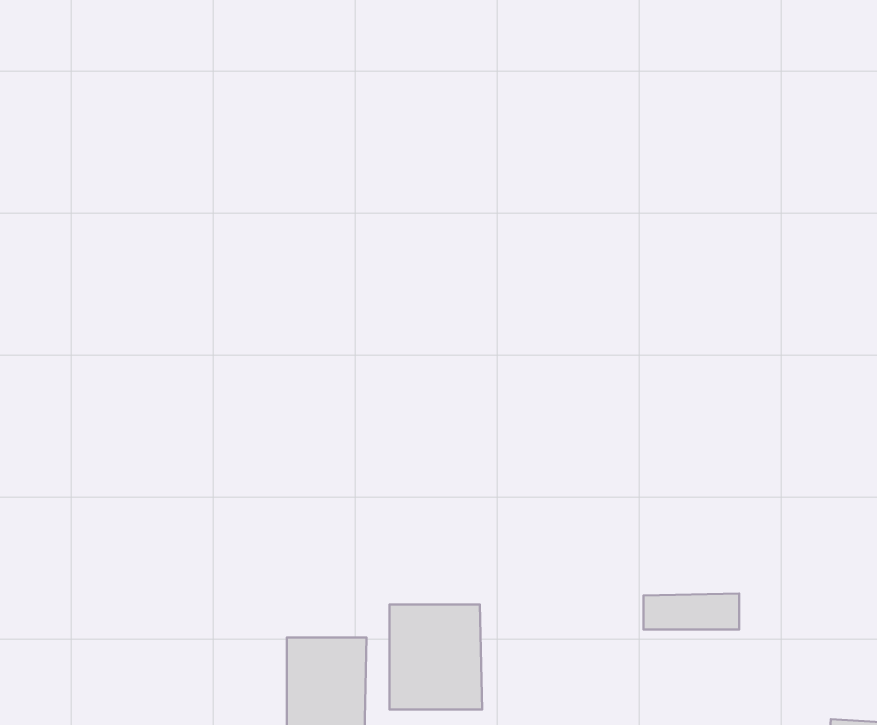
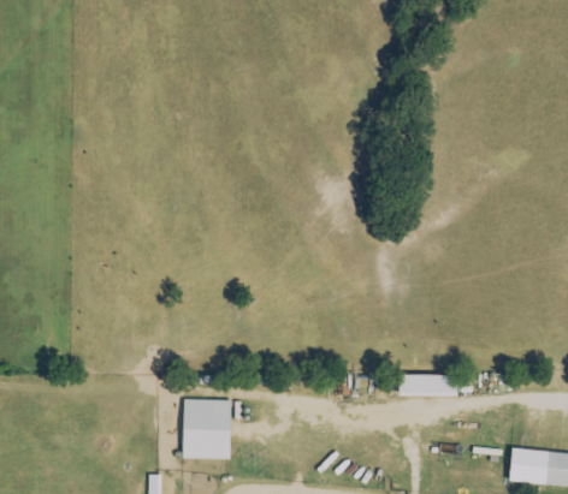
building: [389,605,482,710] -> none

